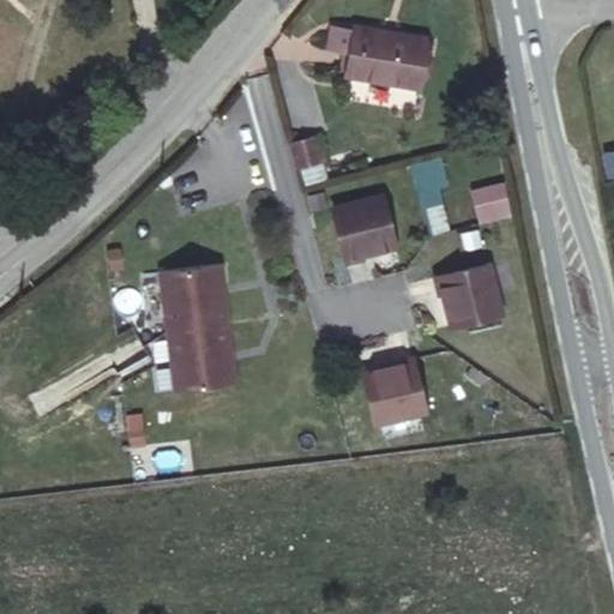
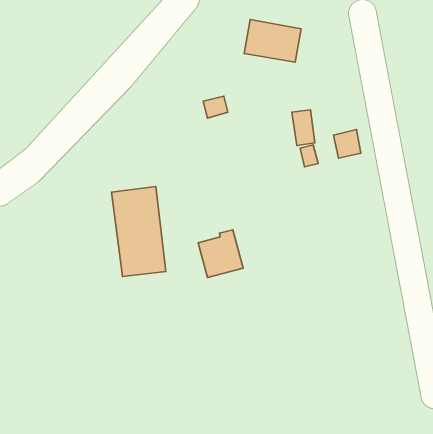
building: [332,193,393,258] -> none
building: [435,265,502,329] -> none
building: [365,357,428,425] -> [198,230,243,278]

